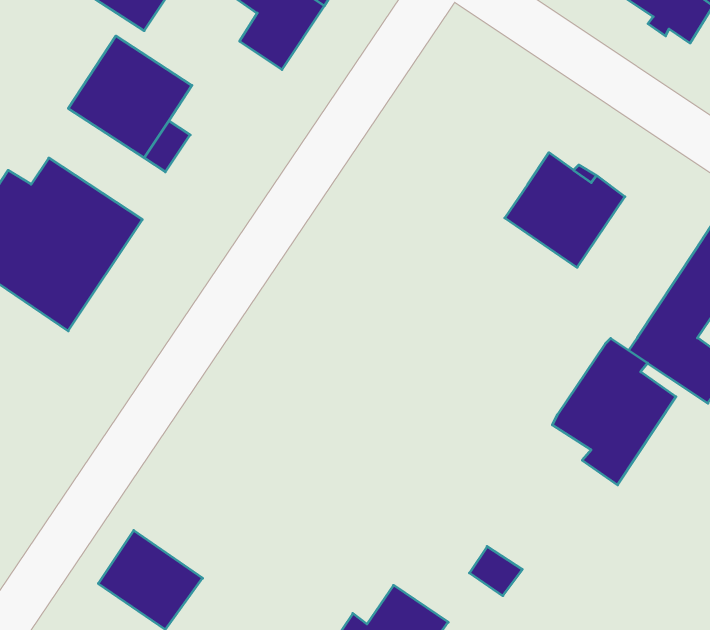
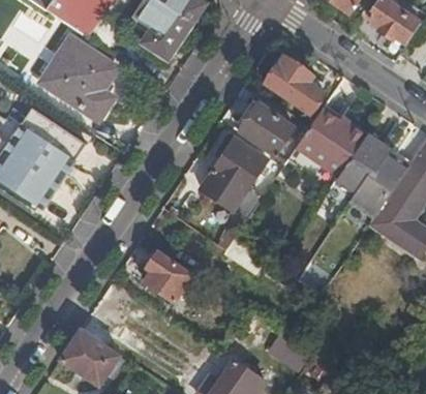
building: none -> [267,55,325,114]
building: none -> [239,102,295,158]
building: none -> [202,138,267,210]
building: [552,338,676,485] -> [337,130,409,216]
building: none -> [146,253,194,304]

